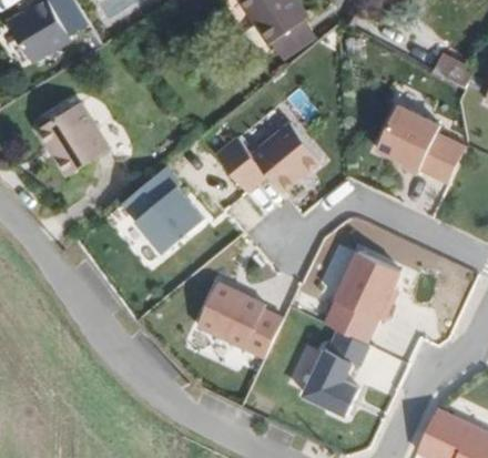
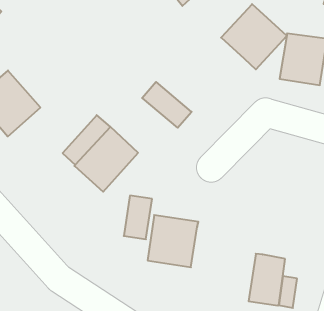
building: [250,118,324,192] -> [221,4,287,69]
building: [338,247,403,322] -> none
building: [243,308,282,360] -> [124,196,152,239]
building: [326,328,372,364] -> none

